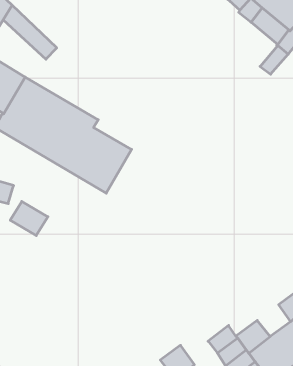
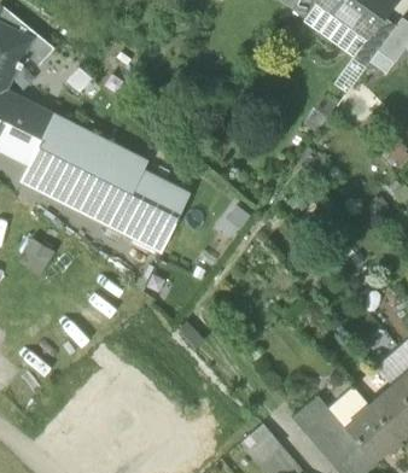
building: [10,201,48,236] -> none

